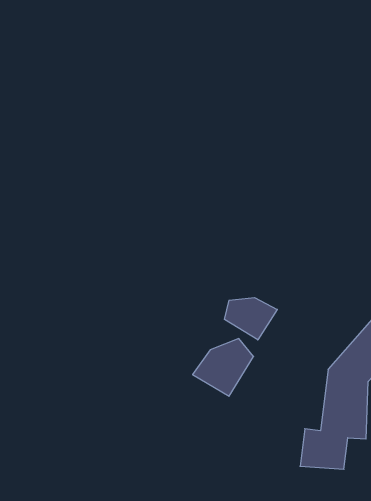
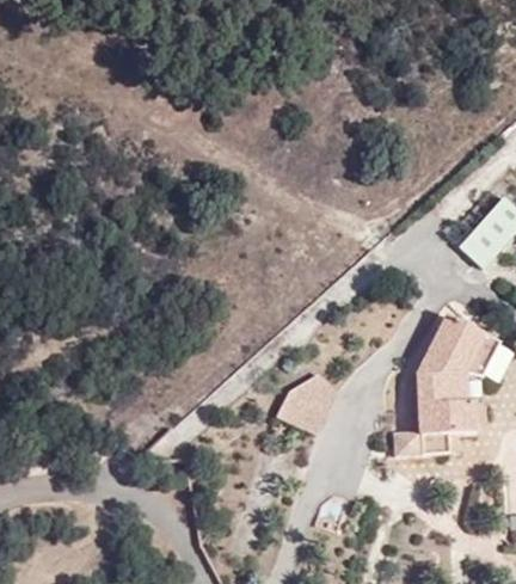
building: [224,298,277,340] -> none

